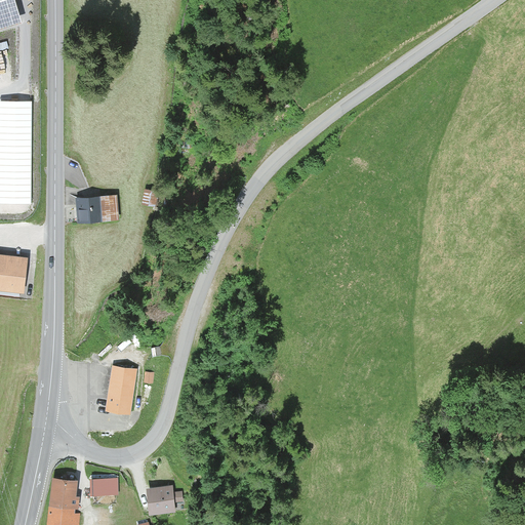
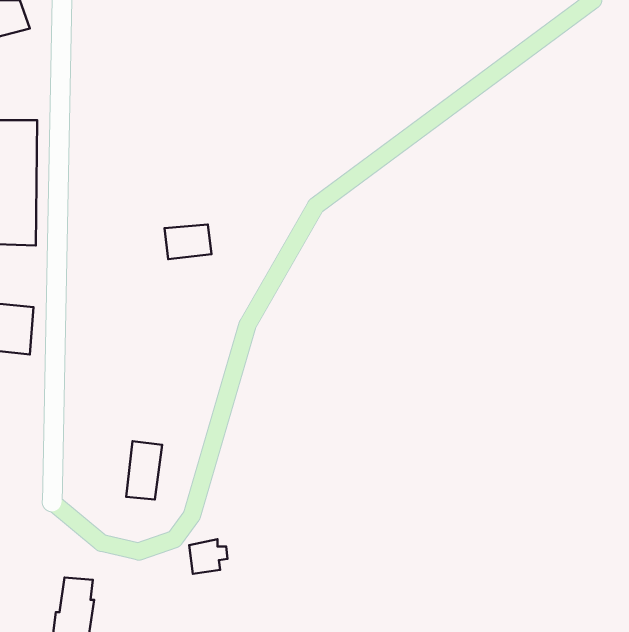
building: [74,195,113,224] -> [165,224,212,259]
building: [90,479,115,497] -> none
building: [147,487,178,516] -> [189,539,227,574]

